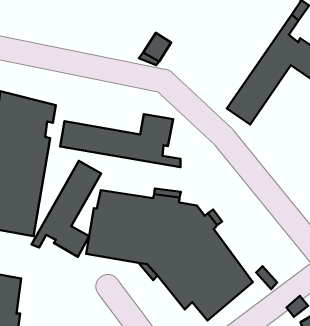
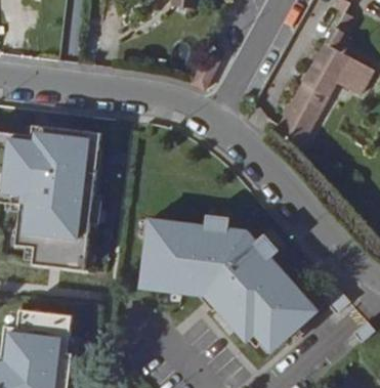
building: [60,114,181,167] -> none
building: [31,161,101,257] -> none

